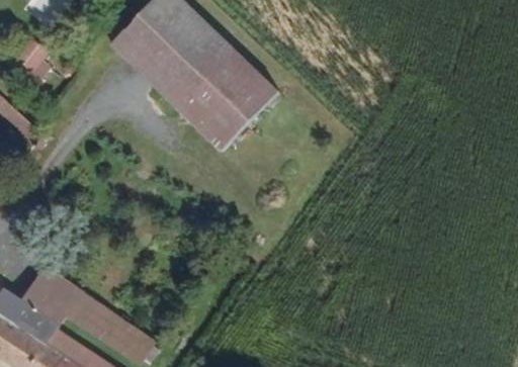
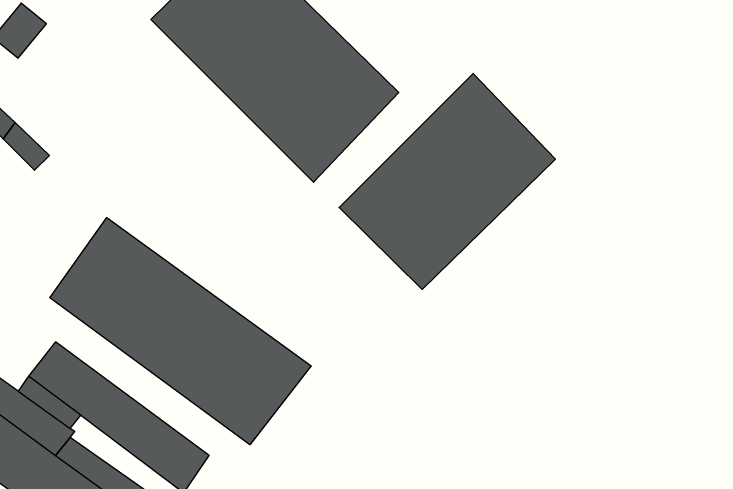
building: none -> [339,73,555,289]
building: none -> [50,218,311,445]

